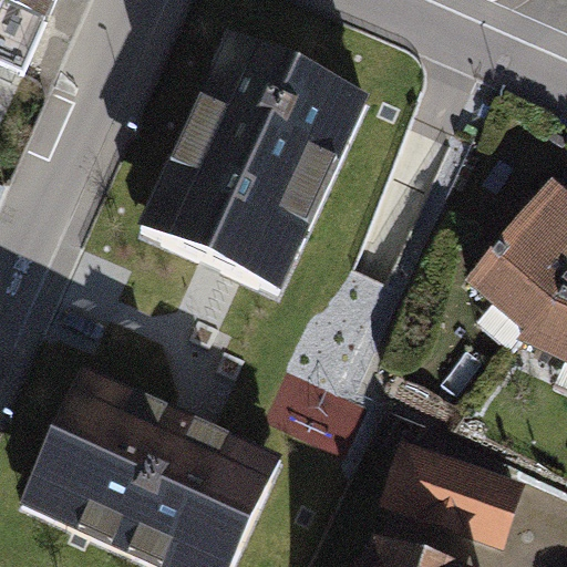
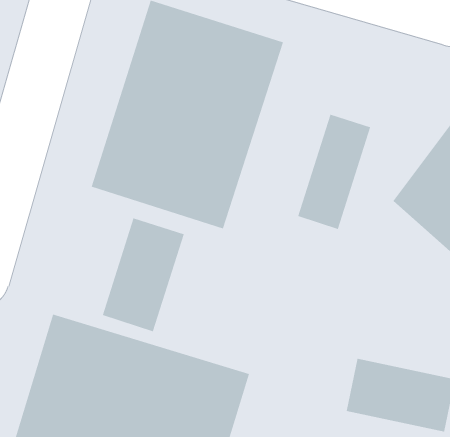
building: none -> [298,114,371,230]
building: none -> [102,217,185,332]

